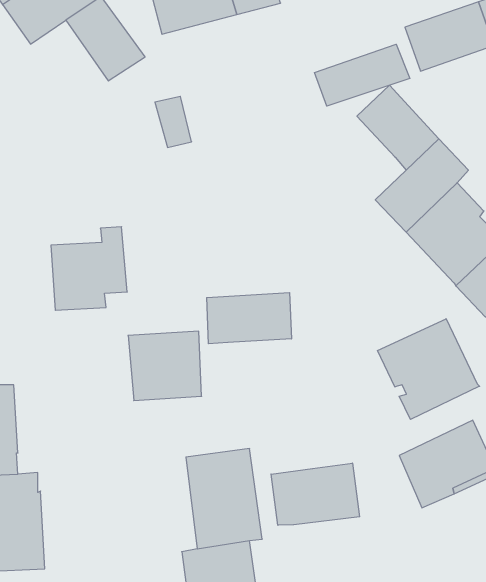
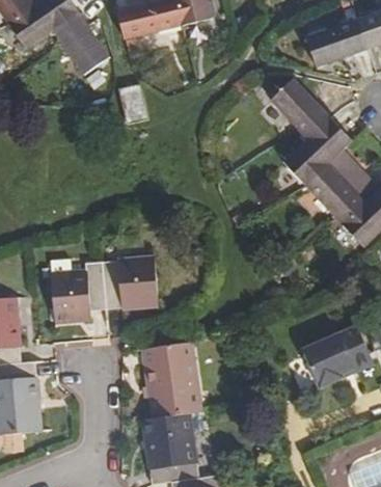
building: [315,44,410,106] -> none
building: [51,227,127,310] -> [49,262,105,323]
building: [207,293,291,344] -> none
building: [378,319,480,419] -> none
building: [271,463,360,525] -> none

